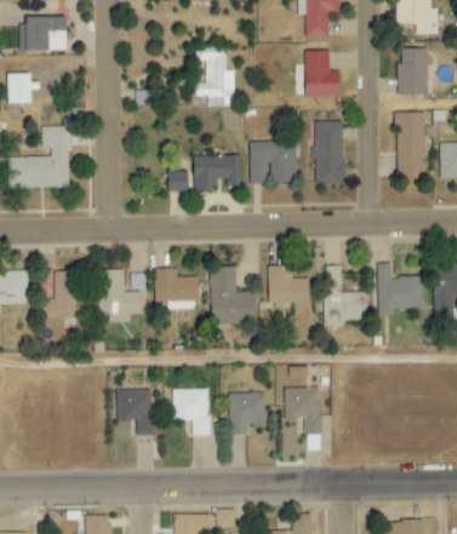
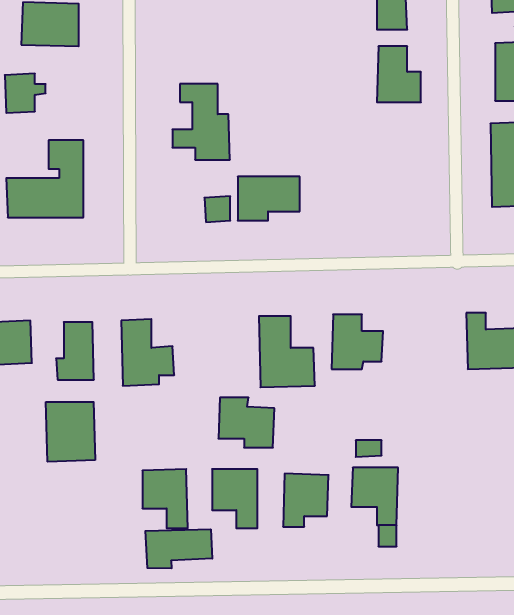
building: [189,46,235,107] -> [172,84,230,160]
building: [314,121,344,185] -> none
building: [249,140,296,183] -> none
building: [322,265,366,328] -> none
building: [153,269,198,309] -> [218,398,274,448]
building: none -> [46,402,95,462]
building: none -> [145,529,212,568]

